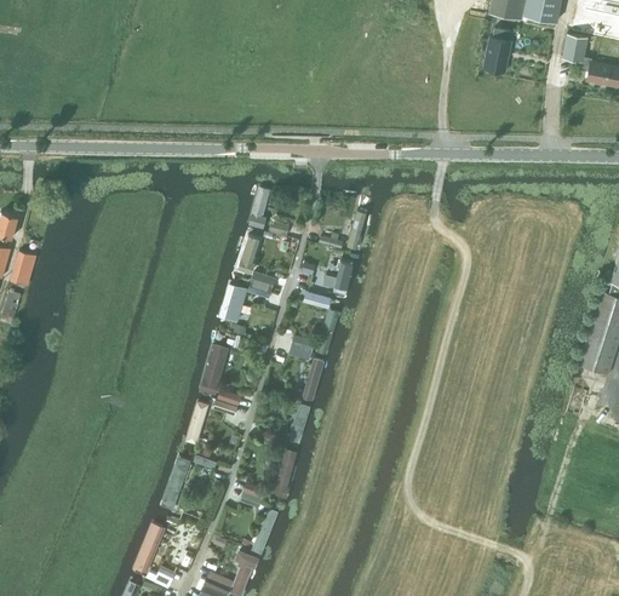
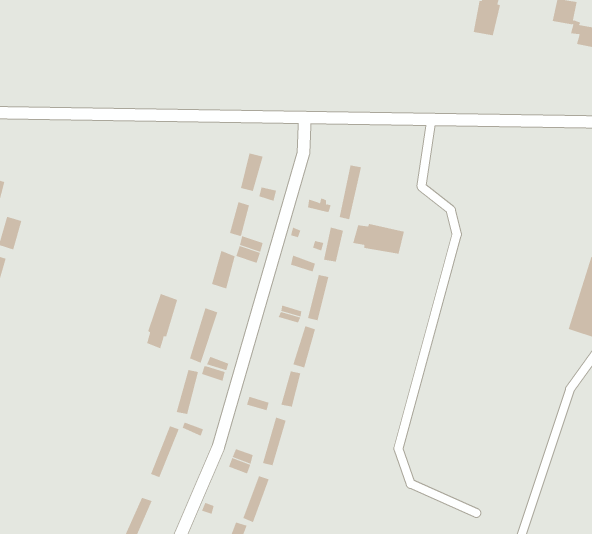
building: none -> [353,223,404,255]
building: none -> [147,293,178,349]

